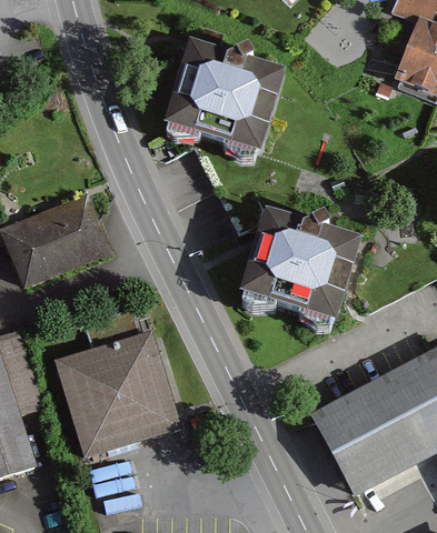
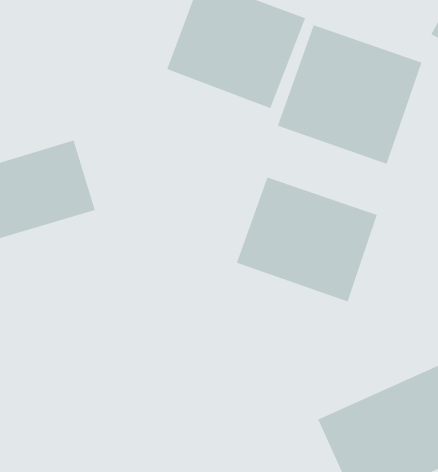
building: none -> [277,24,422,165]
building: [52,330,180,457] -> none

